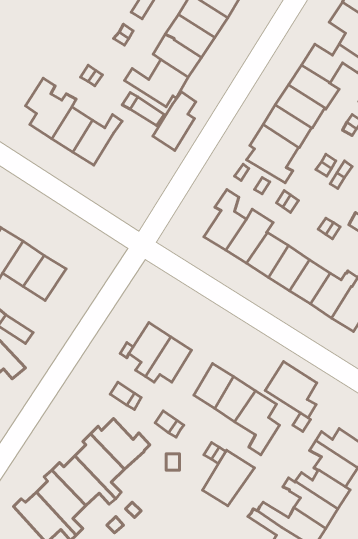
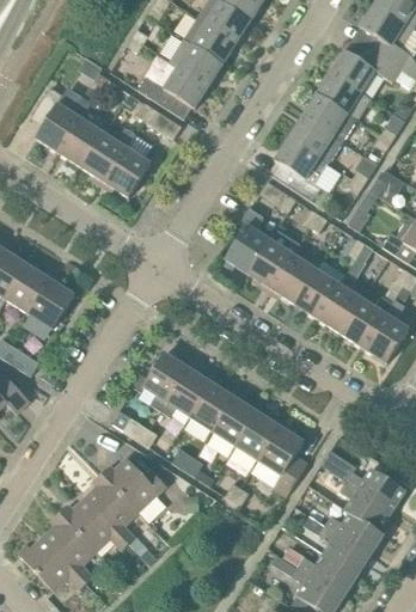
building: [153,92,196,150] -> [105,134,152,197]
building: none -> [190,382,234,432]
building: [265,362,317,418] -> none
building: [202,450,254,506] -> none

